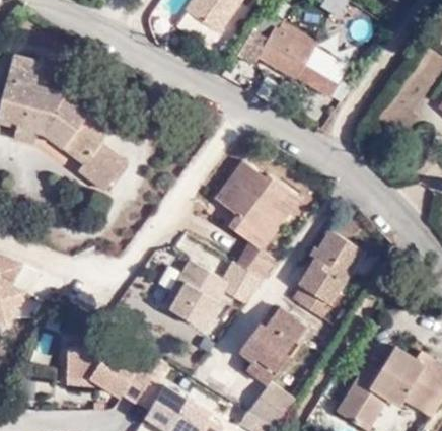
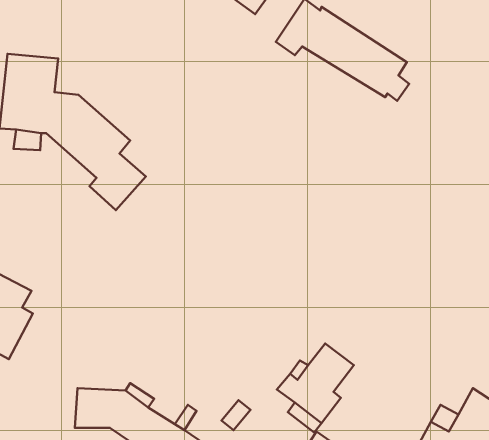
building: [167,155,302,327] -> none
building: [289,234,352,320] -> none

